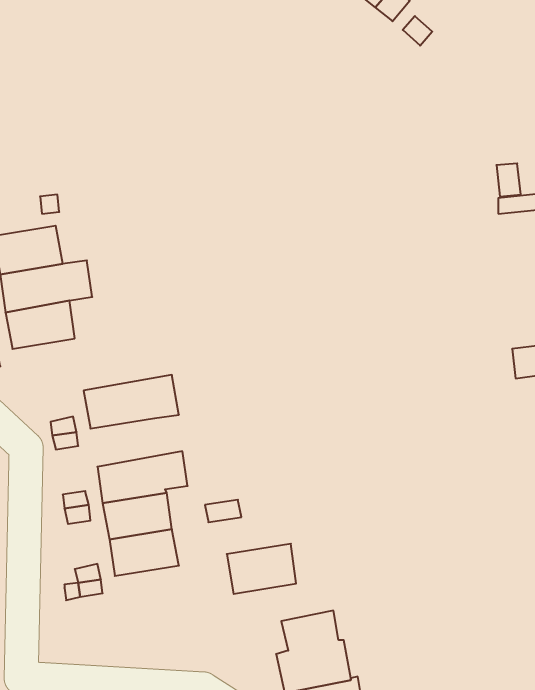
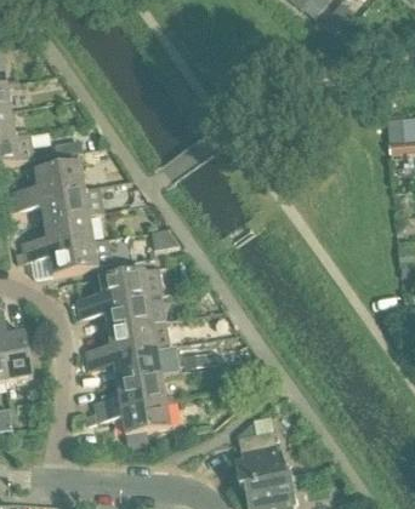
building: none -> [49,236,113,273]
building: none -> [103,294,167,328]
building: [227,544,296,594] -> [120,398,169,433]

